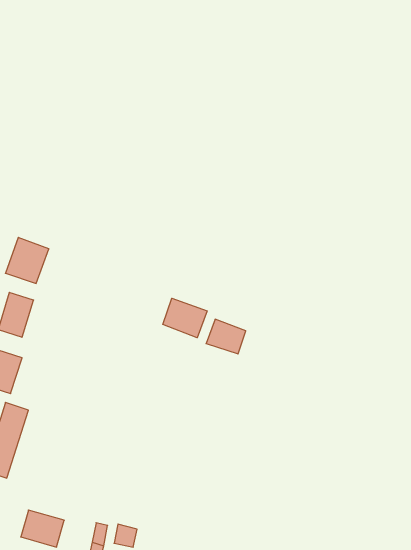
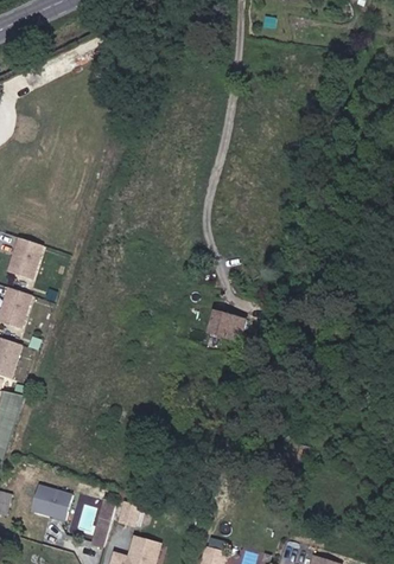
building: [163,298,207,338] -> none

